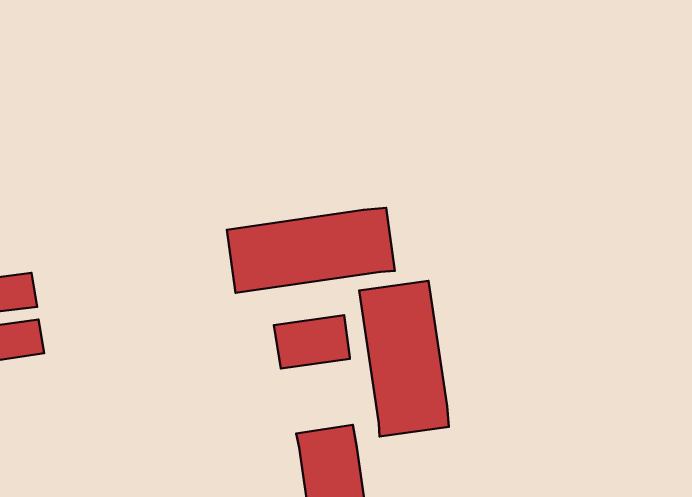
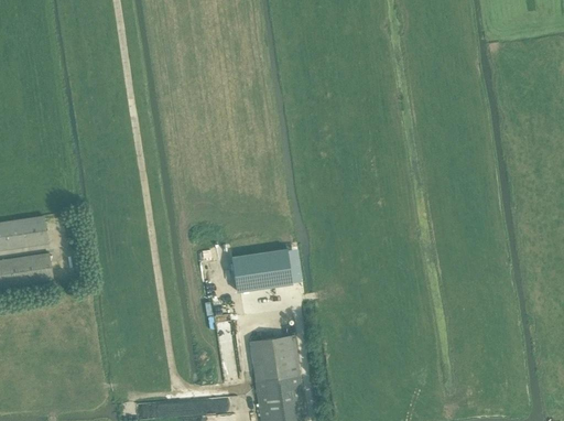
building: [227,208,395,293] -> none
building: [359,281,449,437] -> none

